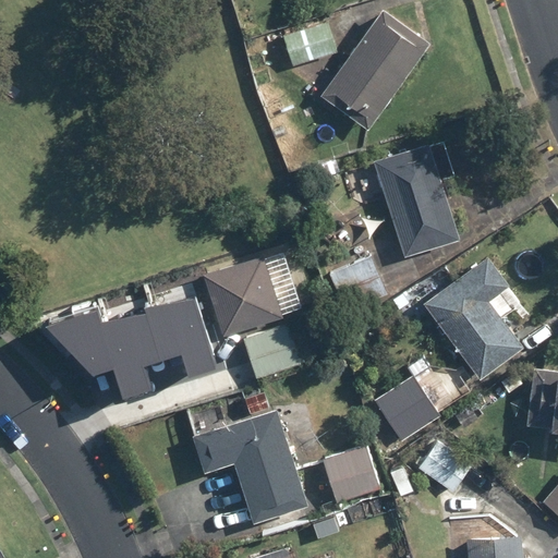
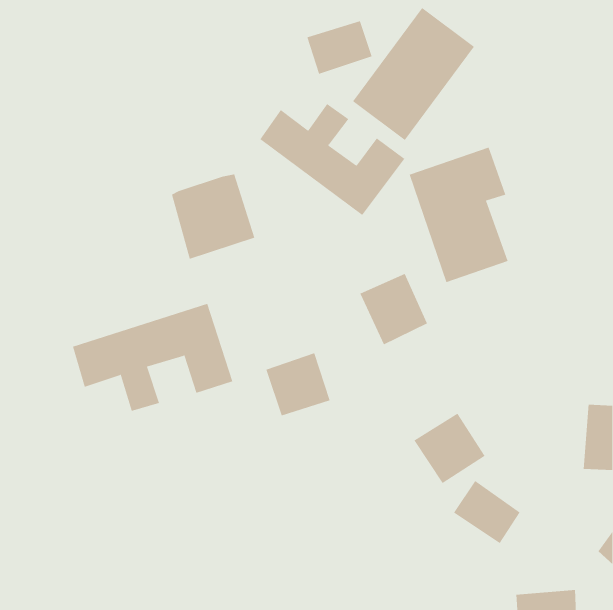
building: none -> [260,103,405,216]
building: [203,256,279,333] -> [171,174,255,259]
building: [423,256,524,381] -> none
building: [194,410,310,523] -> none
building: [323,449,380,505] -> none

